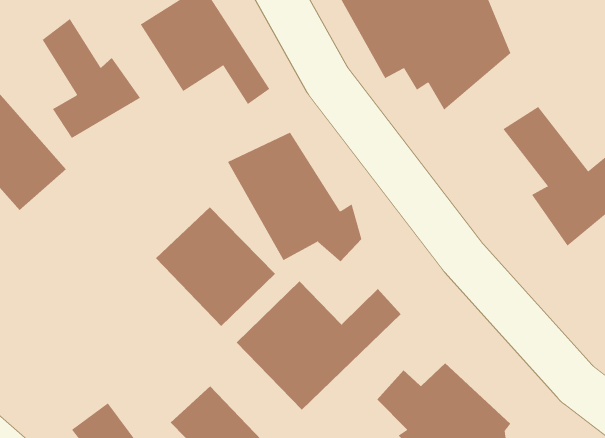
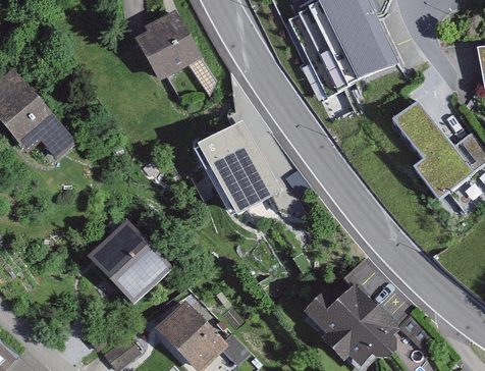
building: [42,18,141,139] -> none
building: [155,207,276,327] -> [86,218,171,304]
building: [236,280,402,410] -> none

